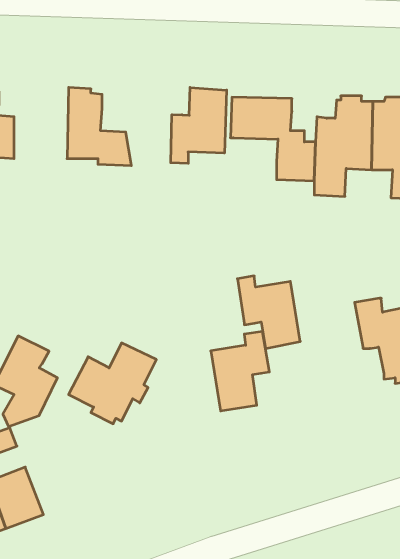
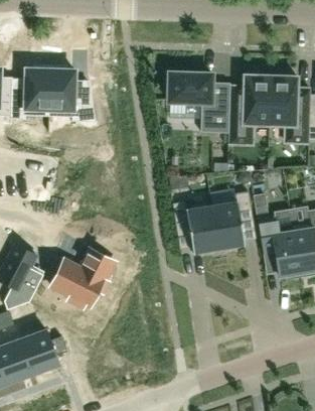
building: none -> [10,65,50,120]
building: [171,87,227,163] -> none
building: [211,331,269,411] -> [210,191,253,249]
building: none -> [19,330,58,374]

